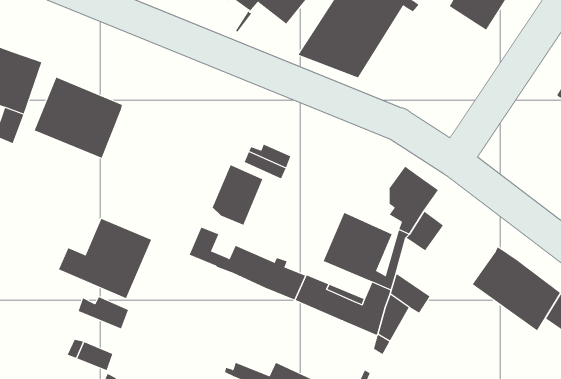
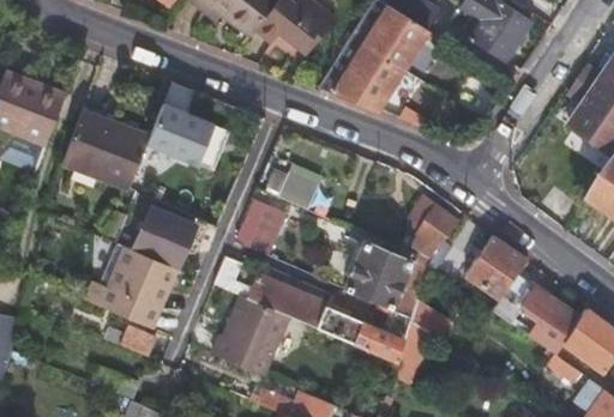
building: none -> [146,79,228,168]
building: none -> [126,205,194,267]
building: none -> [464,234,526,300]
building: none -> [212,295,287,374]

